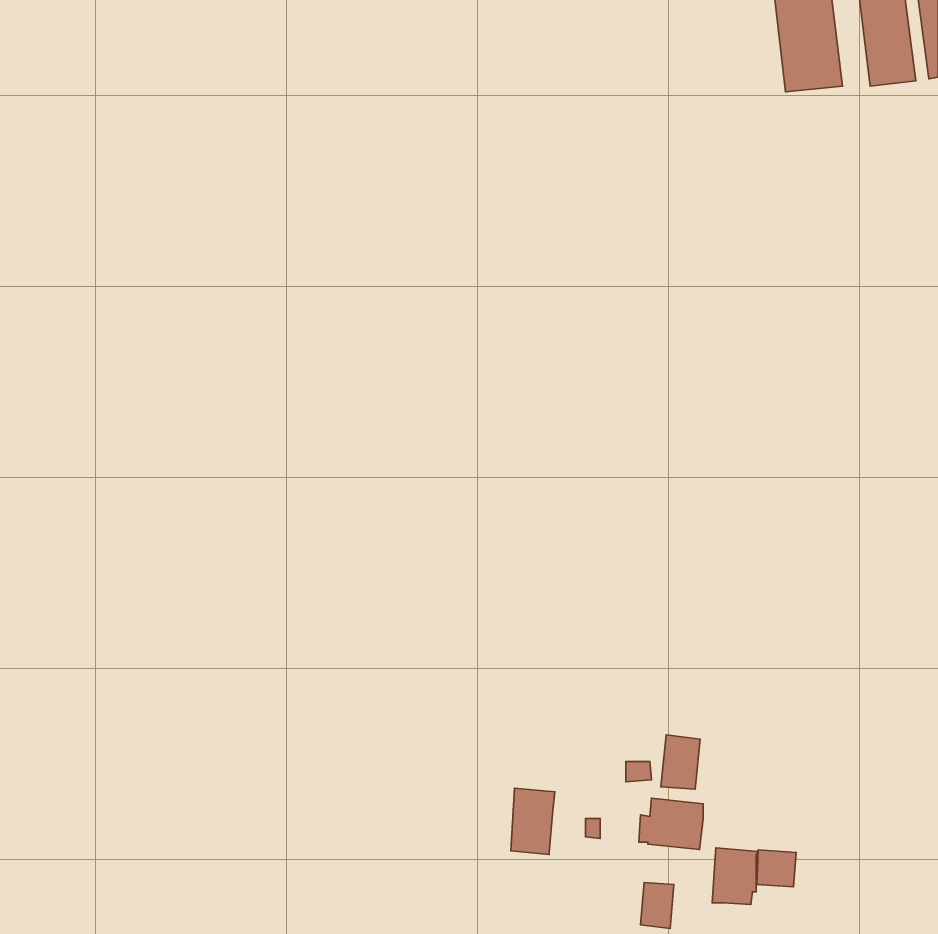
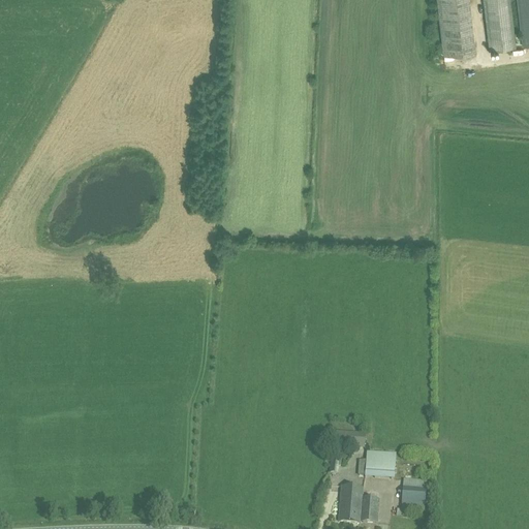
building: [661,735,700,789] -> none
building: [511,788,555,854] -> [339,485,364,522]
building: [757,850,796,887] -> none

